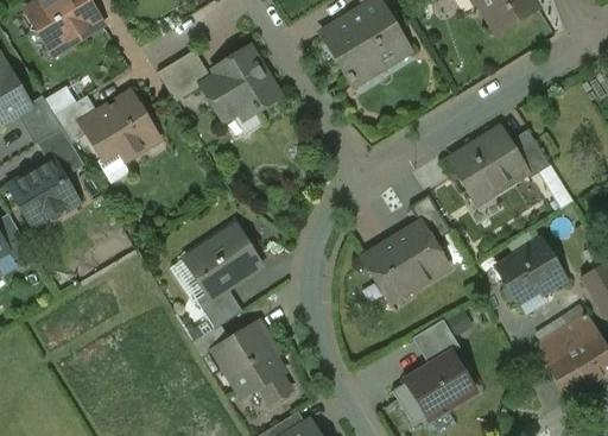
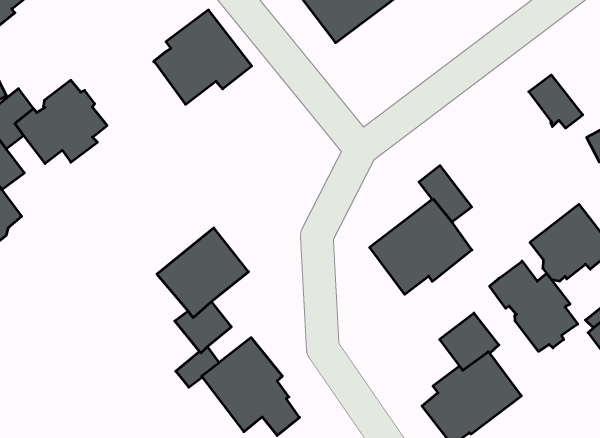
building: [157,50,211,102] -> none
building: [451,129,525,190] -> none
building: none -> [490,261,578,351]

